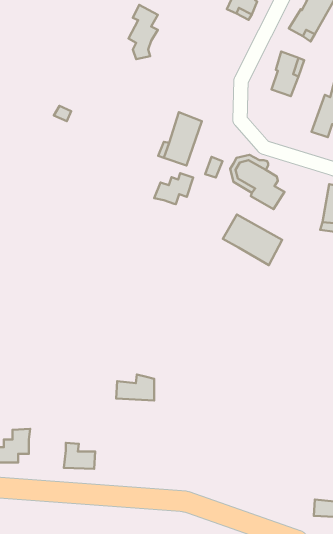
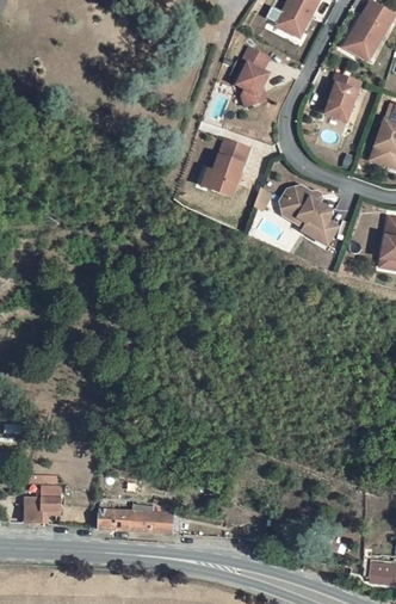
building: [128,5,158,59] -> [236,47,268,106]
building: [154,173,193,204] -> none
building: [223,215,282,265] -> none
building: [116,375,154,401] -> [130,504,172,532]

